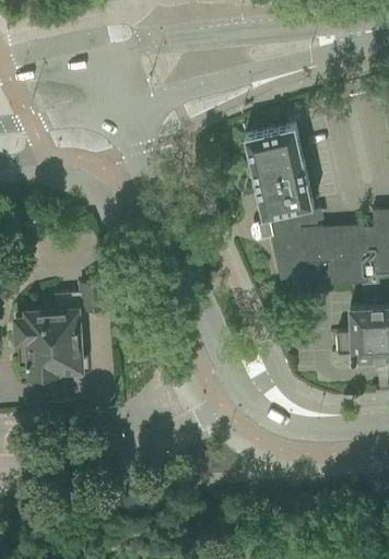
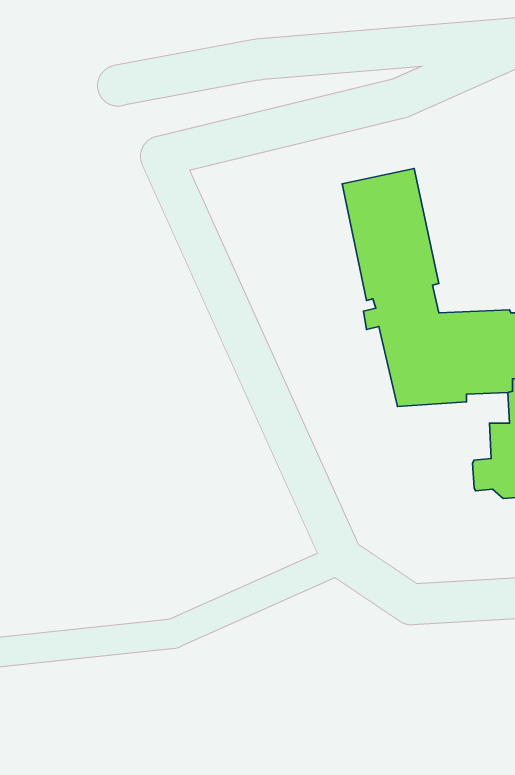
building: [15,284,105,382] -> none

